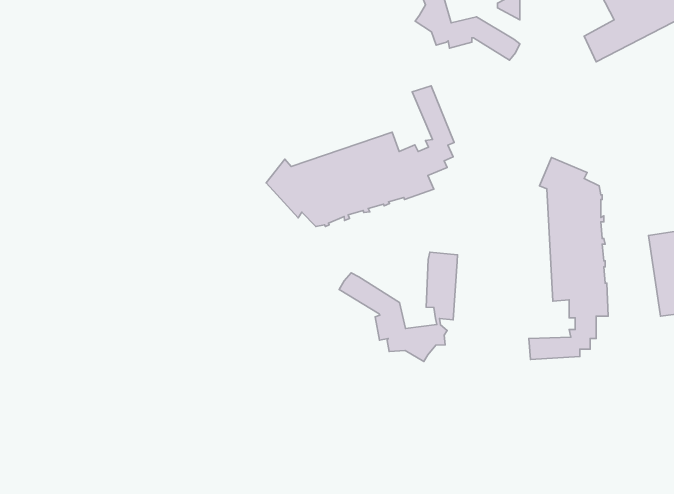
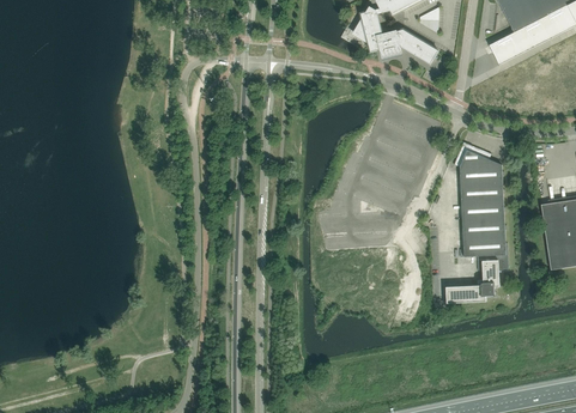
building: [266,86,454,226] -> none
building: [339,252,457,361] -> none

